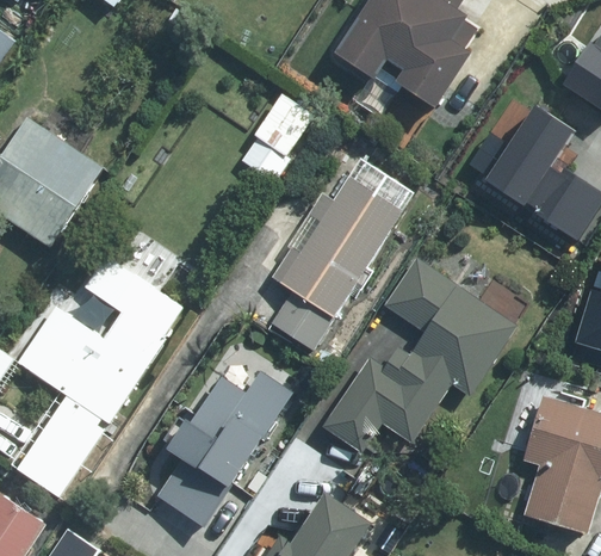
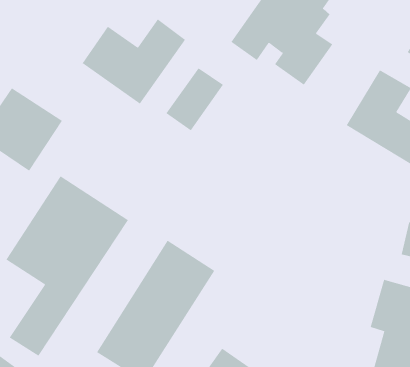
building: none -> [82,19,186,105]
building: [252,153,414,359] -> none
building: [326,276,516,472] -> none

